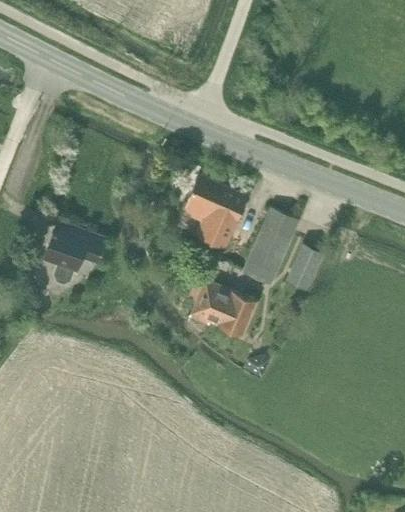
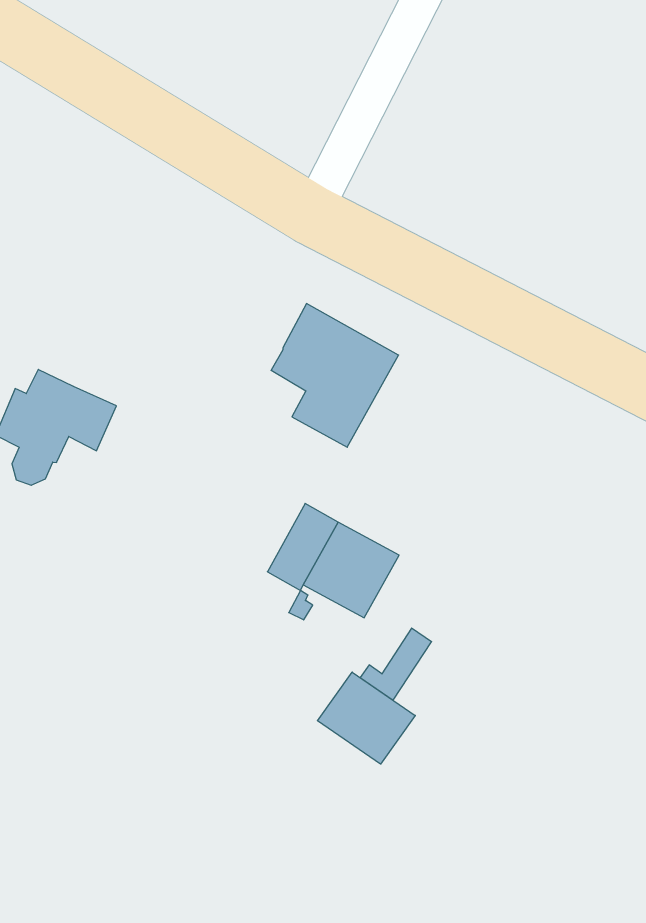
building: [242,209,298,284] -> none
building: [290,248,319,287] -> none
building: none -> [317,672,415,764]

